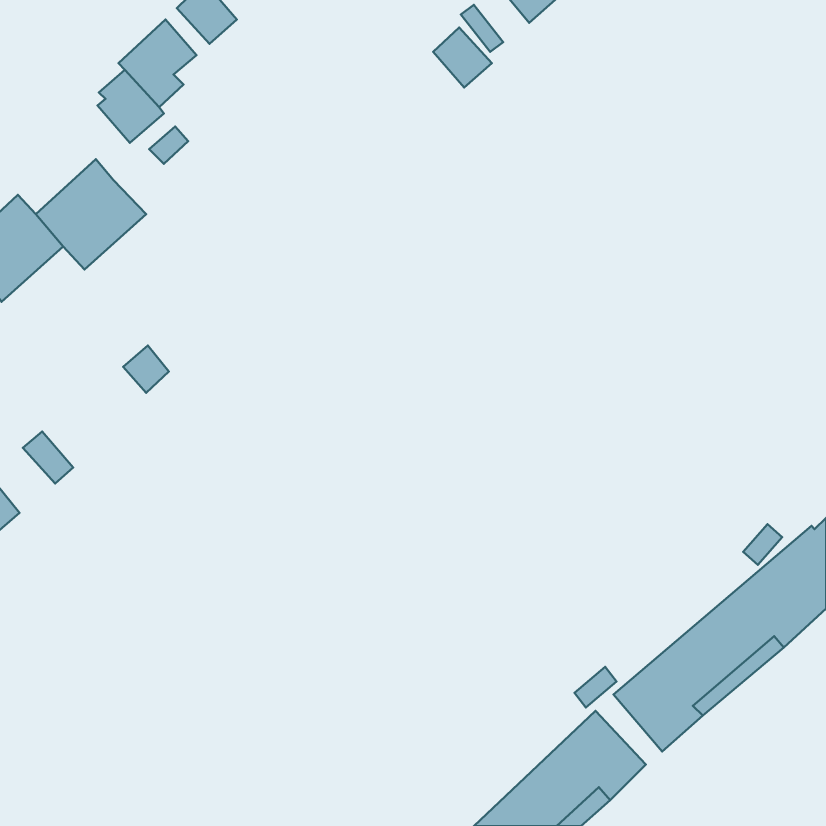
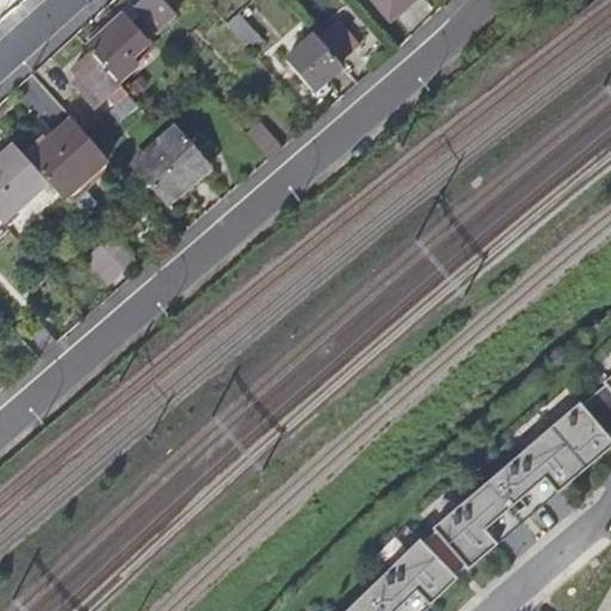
building: none -> [285,32,341,90]
building: none -> [132,126,202,202]

